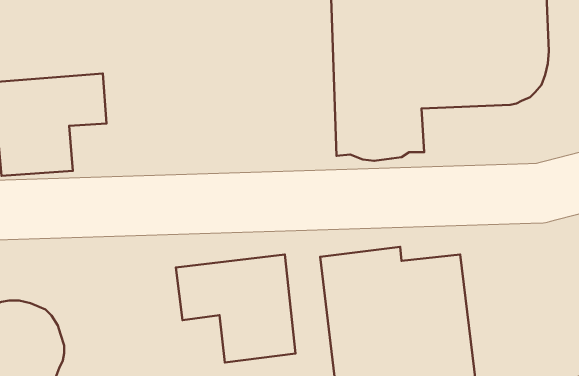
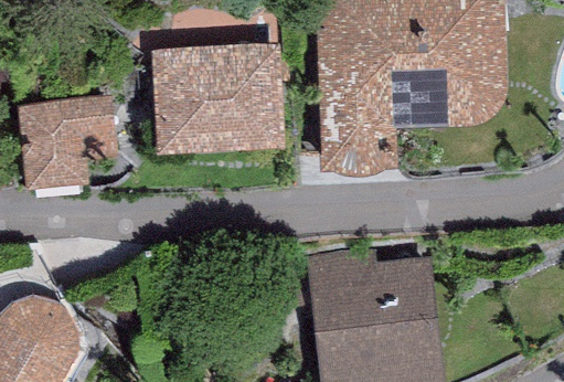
building: none -> [151,42,285,150]
building: [176,255,295,363] -> none

